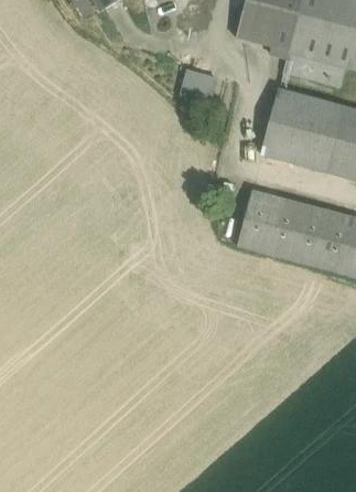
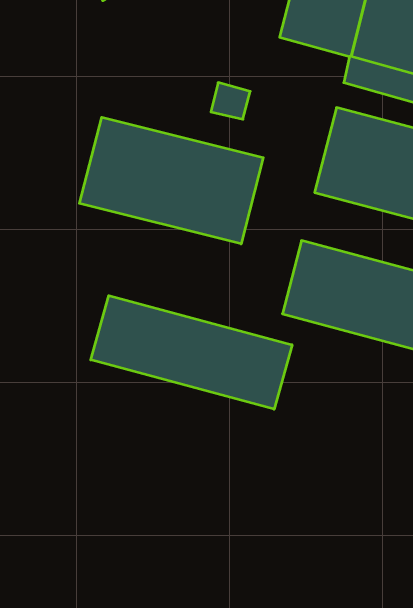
building: none -> [79,117,263,244]
building: none -> [91,296,292,409]

